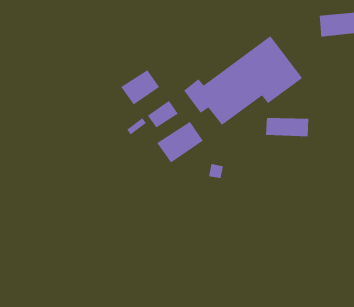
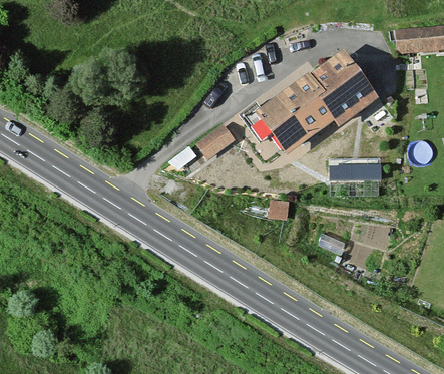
building: [120,69,160,106] -> none
building: [156,121,204,164] -> none

